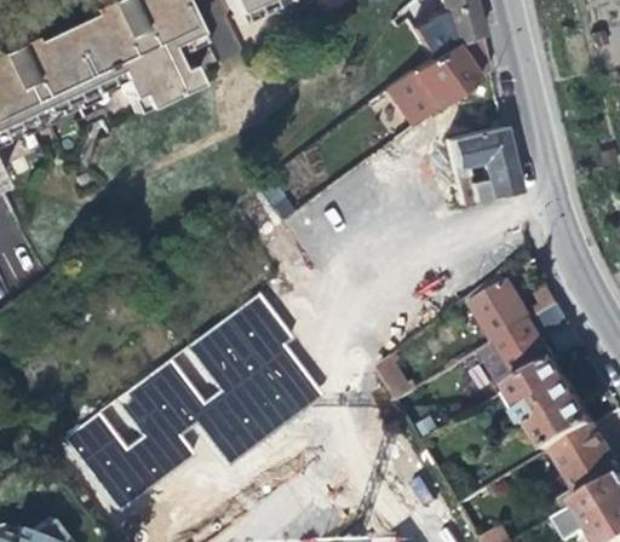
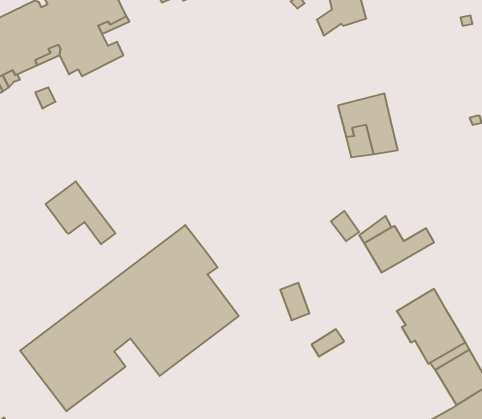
building: [396,45,475,119] -> none
building: none -> [46,181,115,244]
building: [482,306,568,393] -> none

